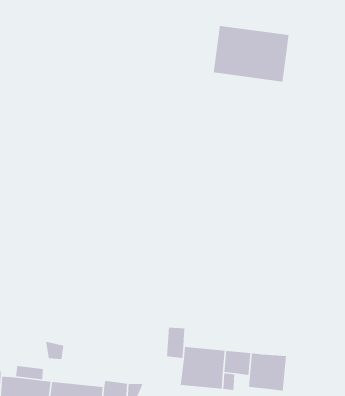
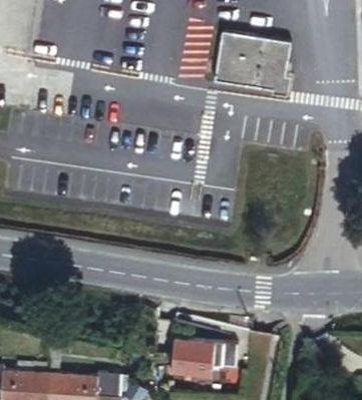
building: [248,353,287,392] -> none

